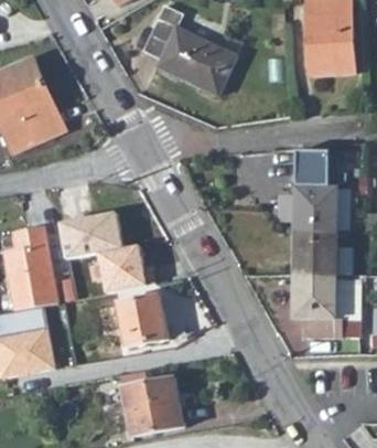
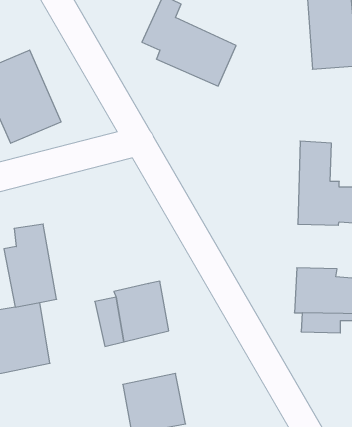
building: [61,207,149,297] -> none
building: [294,230,335,274] -> none

